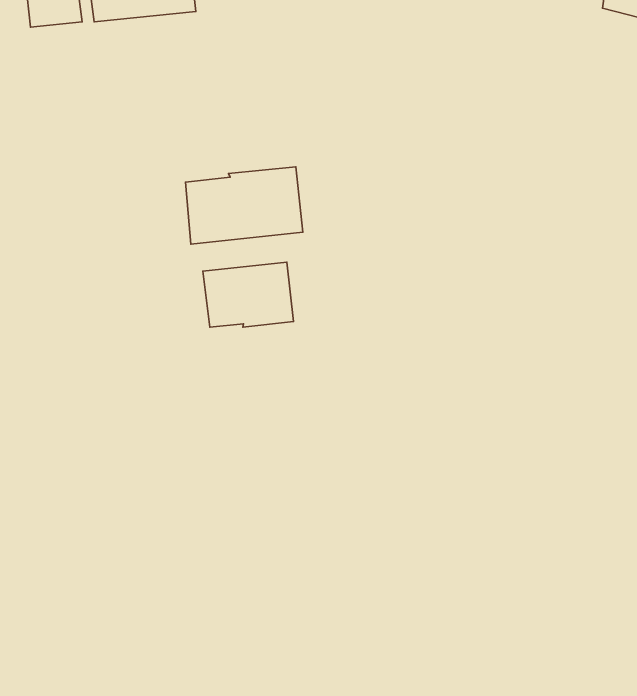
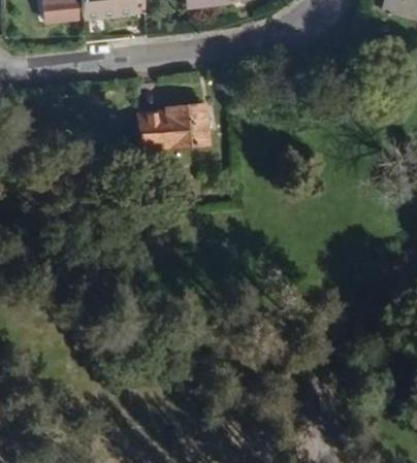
building: [203,262,293,327] -> none

